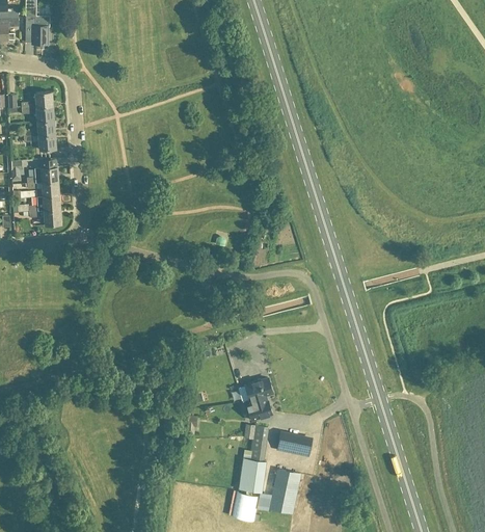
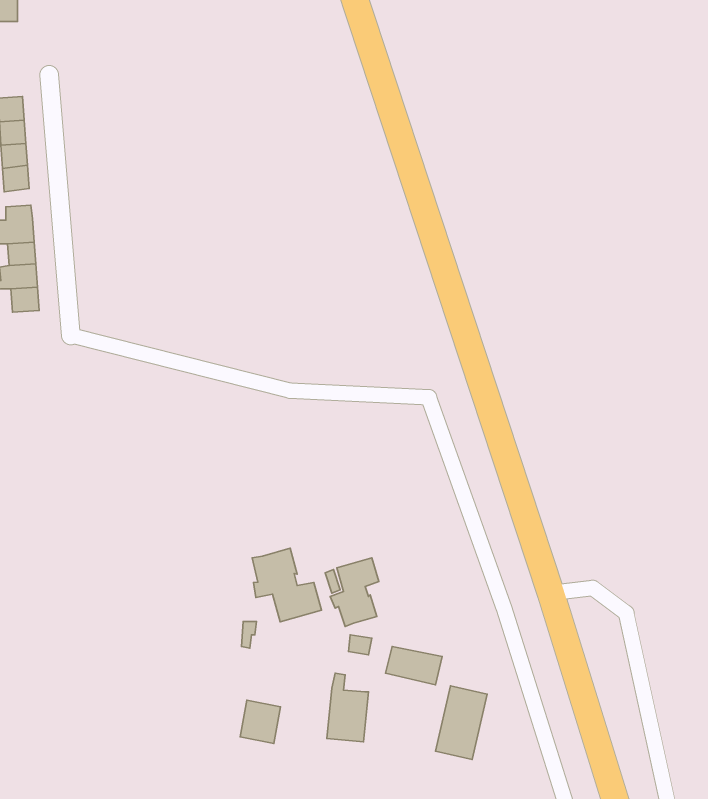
building: none -> [252,548,322,622]
building: [267,469,299,514] -> [435,686,487,759]
building: [232,493,257,520] -> [240,700,280,744]

